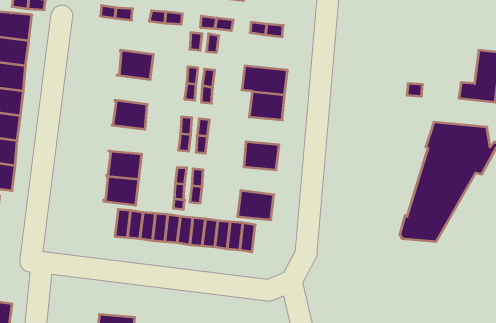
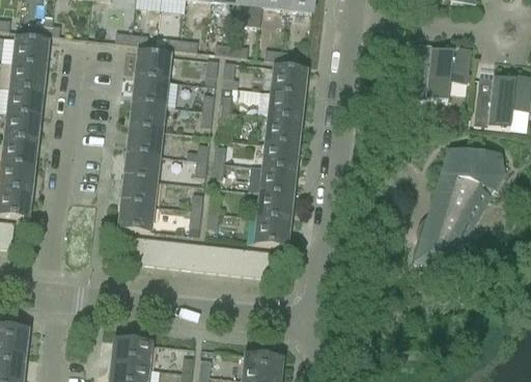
building: none -> [413,47,472,101]
building: none -> [136,52,171,81]
building: none -> [270,67,306,97]
building: none -> [131,102,166,131]
building: none -> [261,143,298,171]
building: none -> [124,152,161,181]
building: none -> [256,193,291,221]

